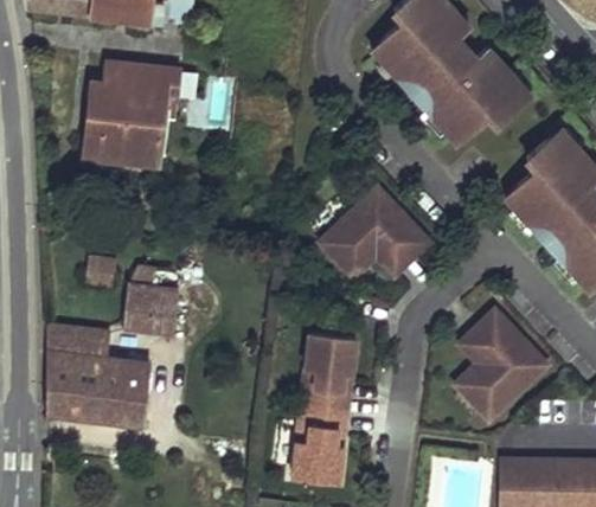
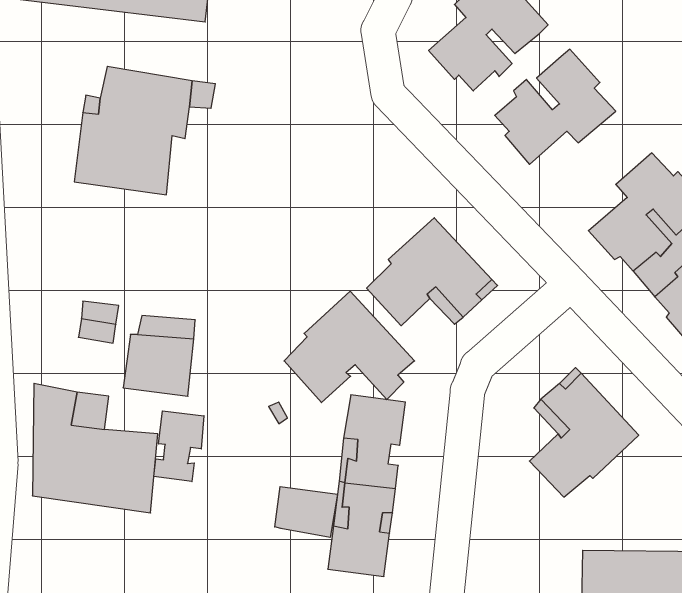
building: [410,31,482,102] -> none
building: none -> [284,291,415,403]
building: none -> [154,411,204,482]
building: none -> [275,487,338,537]

